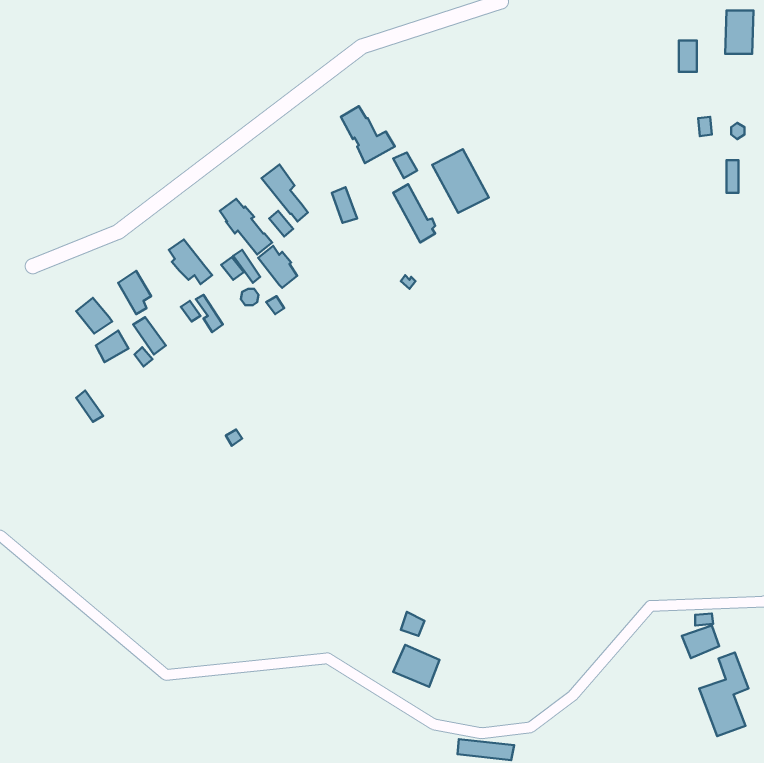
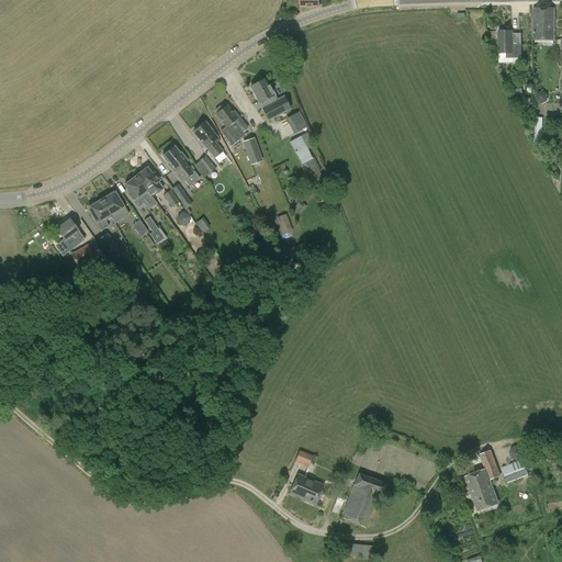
building: none -> [215,104,245,145]
building: [432,149,489,213] -> none
building: [258,246,297,288] -> [135,167,164,198]
building: none -> [100,191,127,223]
building: none -> [340,472,386,526]
building: [699,652,748,736] -> [464,449,501,510]

